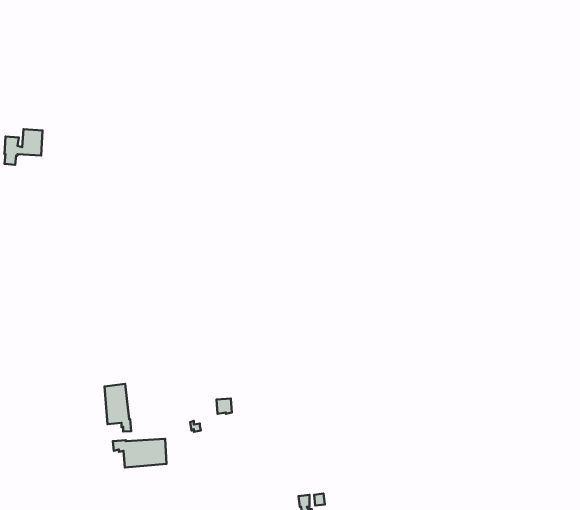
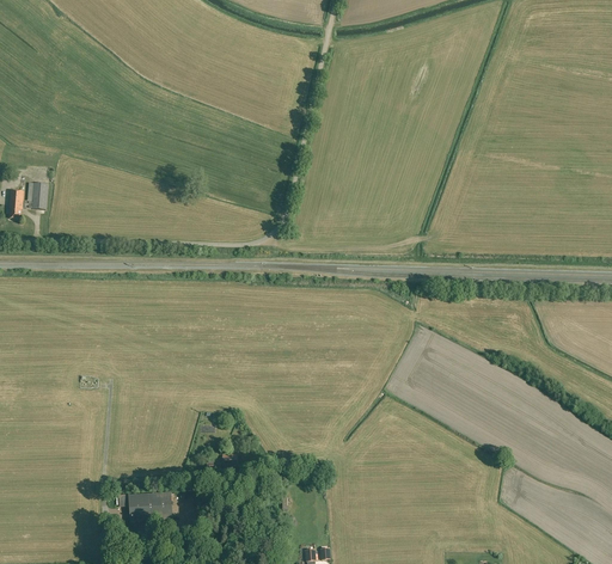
building: [104,384,131,431] -> none

